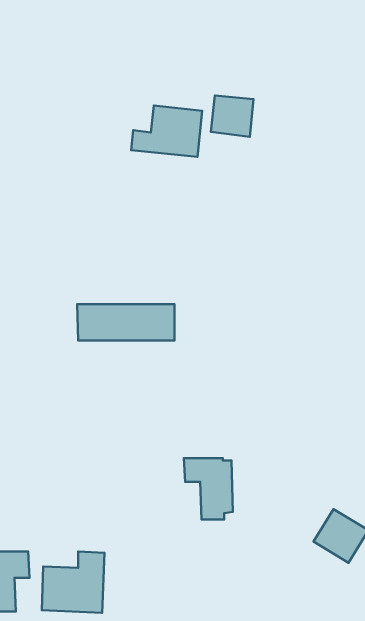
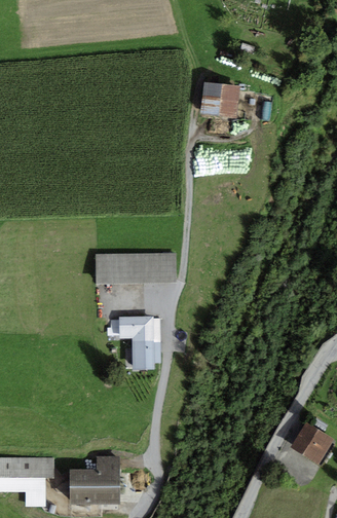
building: [131,106,202,157] -> none
building: [184,458,233,519] -> [121,316,161,366]

